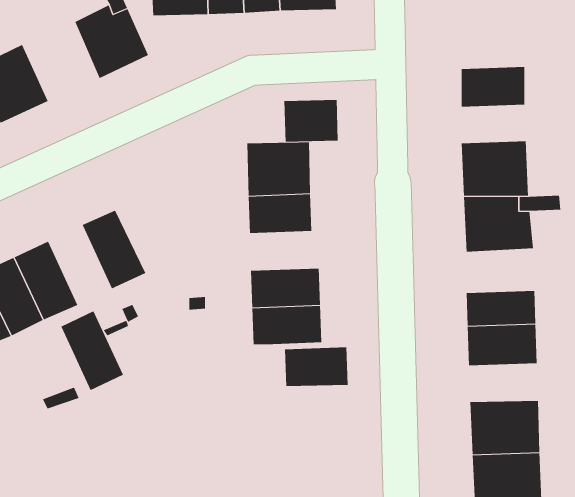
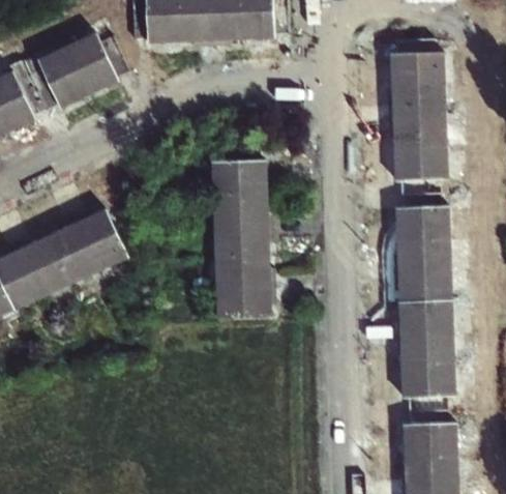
building: none -> [389,39,445,87]
building: none -> [25,48,89,114]
building: [284,99,338,142] -> none
building: none -> [391,117,446,149]
building: none -> [395,237,453,274]
building: [61,311,124,391] -> [47,217,99,285]
building: [284,347,349,386] -> [214,223,268,256]
building: none -> [397,333,456,366]

